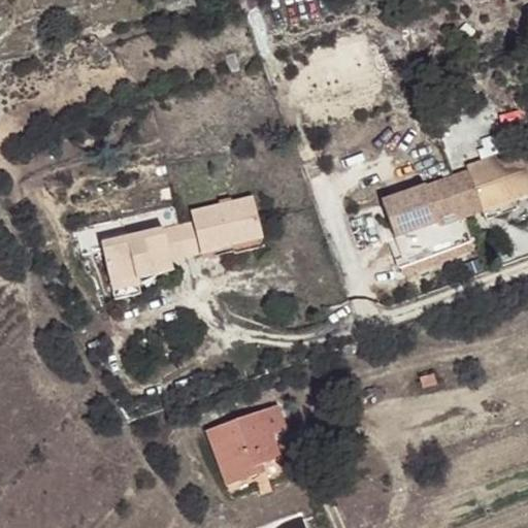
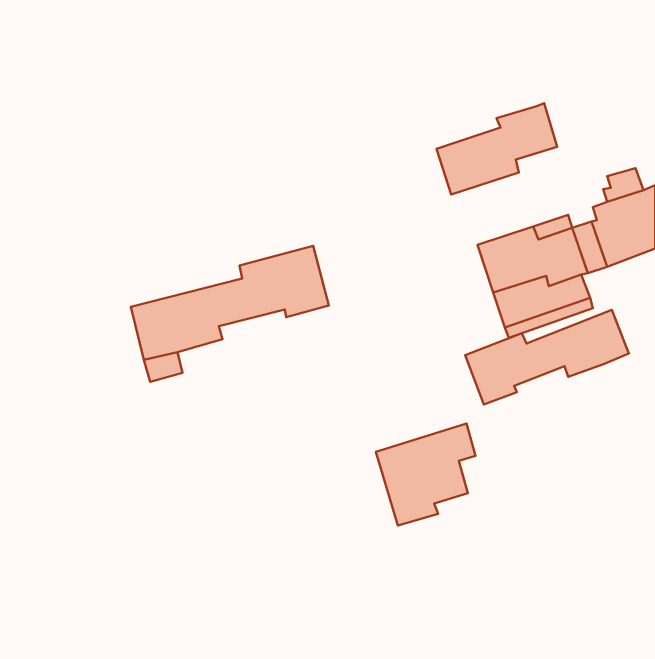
building: none -> [436,103,557,195]
building: none -> [465,310,629,404]
building: [205,395,285,476] -> [376,423,476,526]

